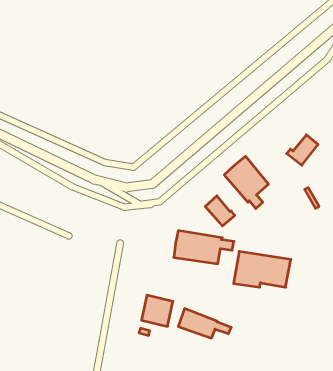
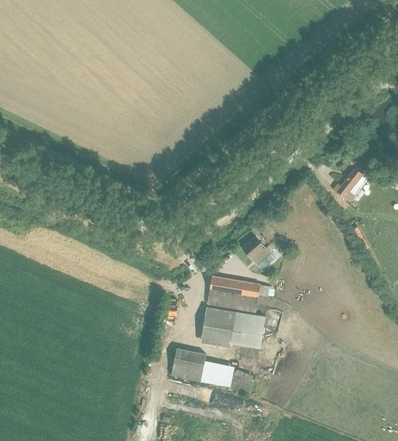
building: [224,156,268,209] -> none
building: [234,251,291,287] -> [200,307,264,347]

